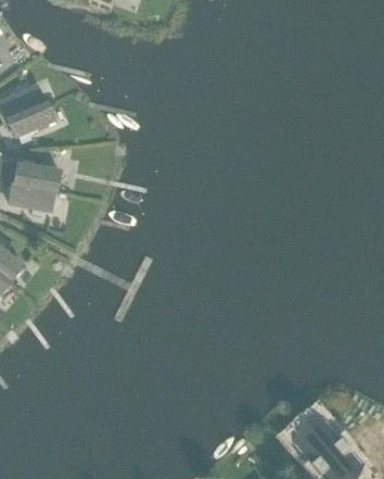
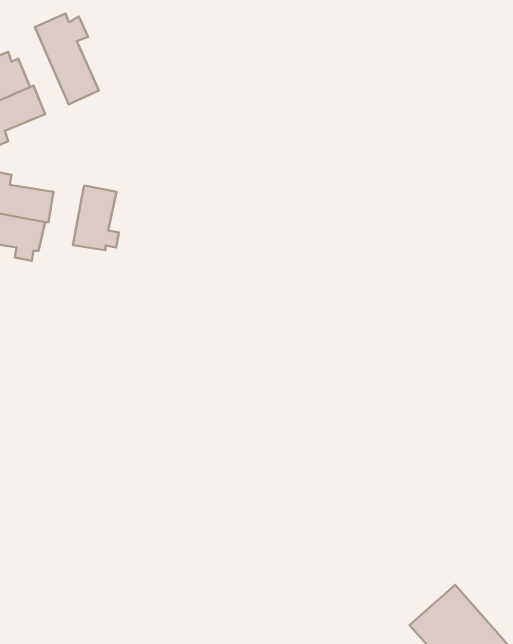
building: none -> [35,13,99,105]
building: none -> [73,186,119,250]

